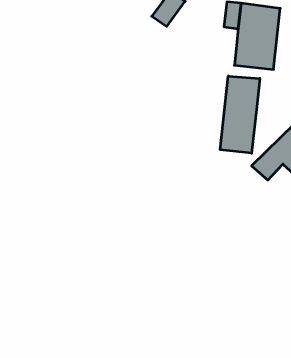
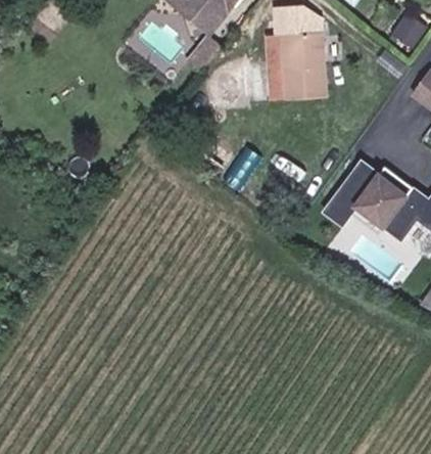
building: [220,76,260,153] -> none

